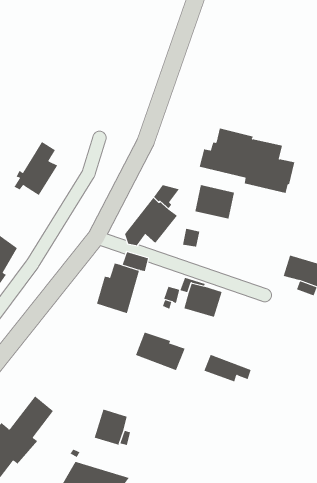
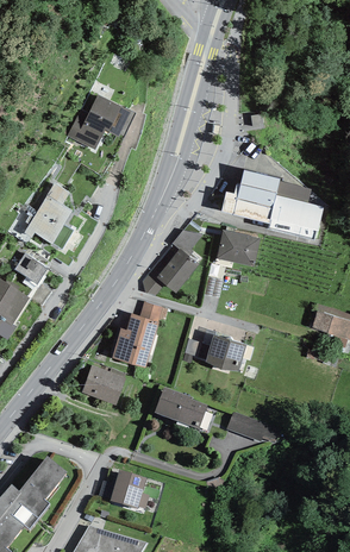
building: none -> [67,96,130,150]
building: none -> [14,253,48,286]
building: none -> [82,366,125,404]

